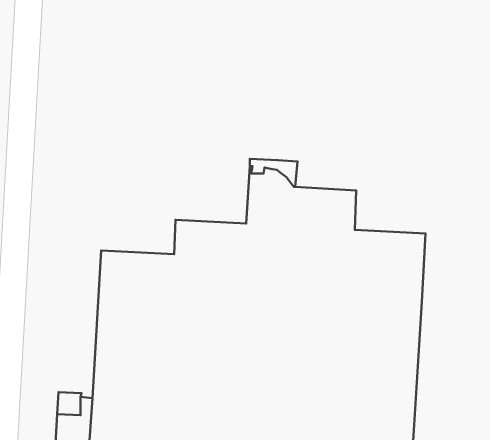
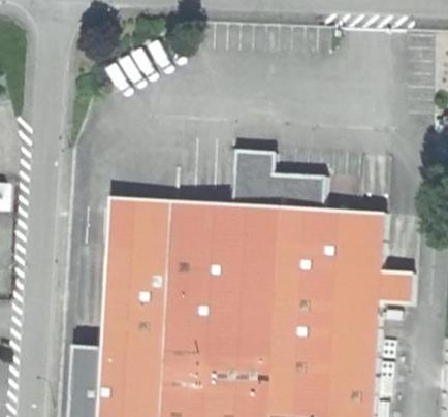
building: none -> [110,197,173,229]
building: none -> [380,269,413,302]

